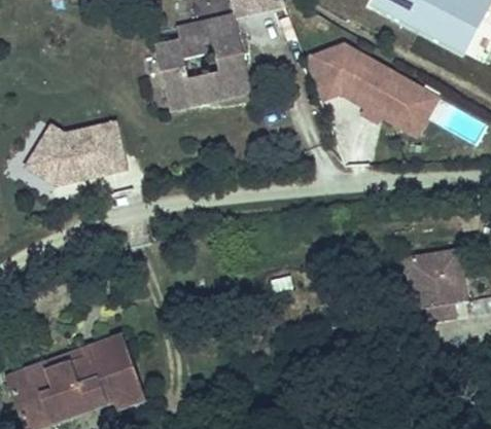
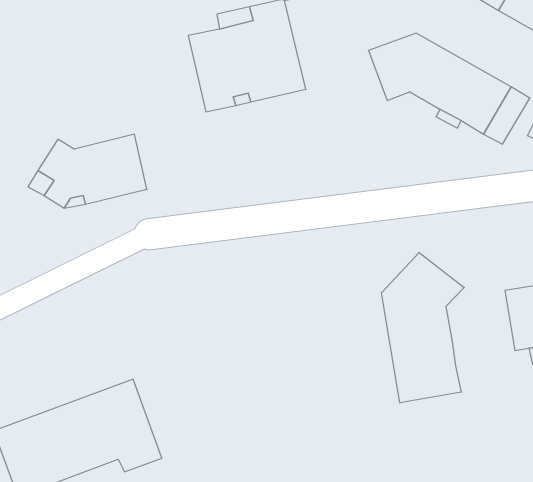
building: none -> [381,252,464,403]

